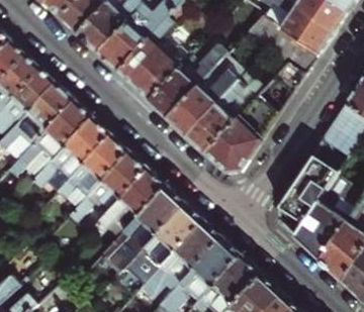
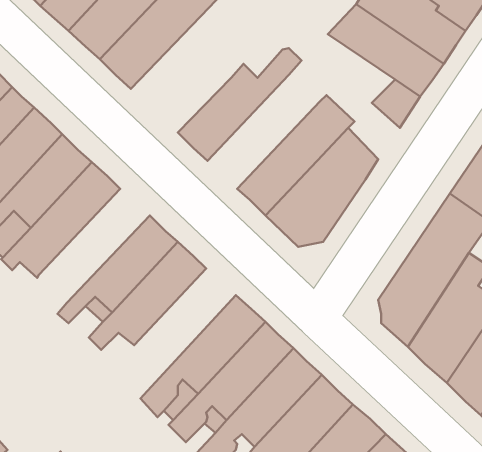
building: [116,18,181,99] -> none
building: [166,62,239,135] -> none
building: [57,135,128,209] -> none
building: [103,187,184,269] -> none

